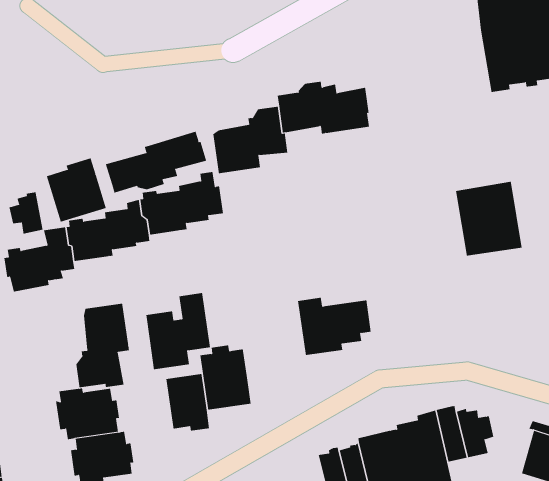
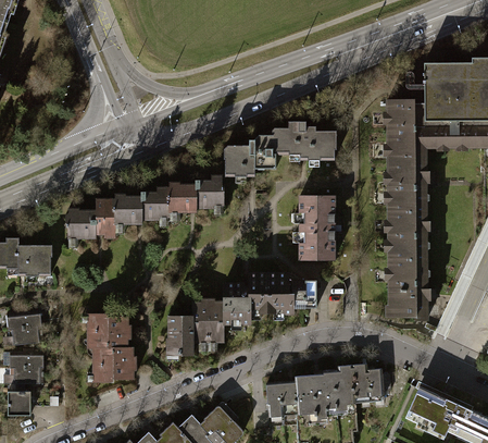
building: none -> [386,101,428,213]
building: [105,131,207,193] -> none
building: [46,157,106,223] -> none
building: none -> [300,197,334,259]
building: [9,192,43,234] -> none
building: none -> [389,260,429,320]
building: [145,293,211,370] -> [224,274,266,323]
building: [76,303,130,388] -> none

